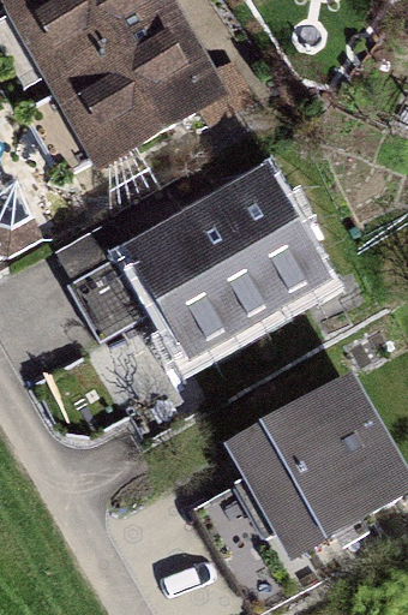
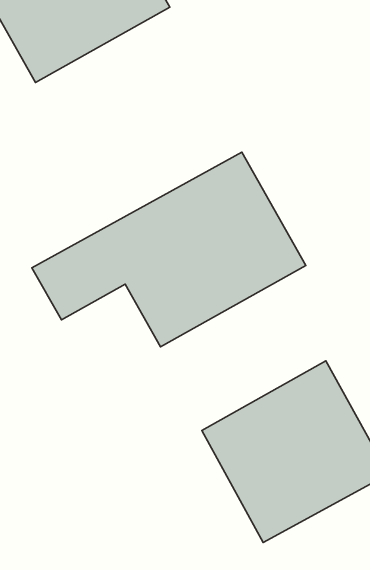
building: [55,14,240,177] -> none

